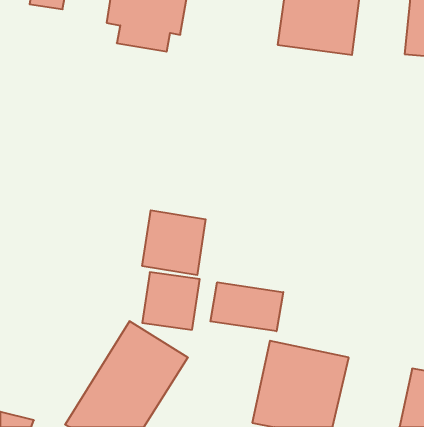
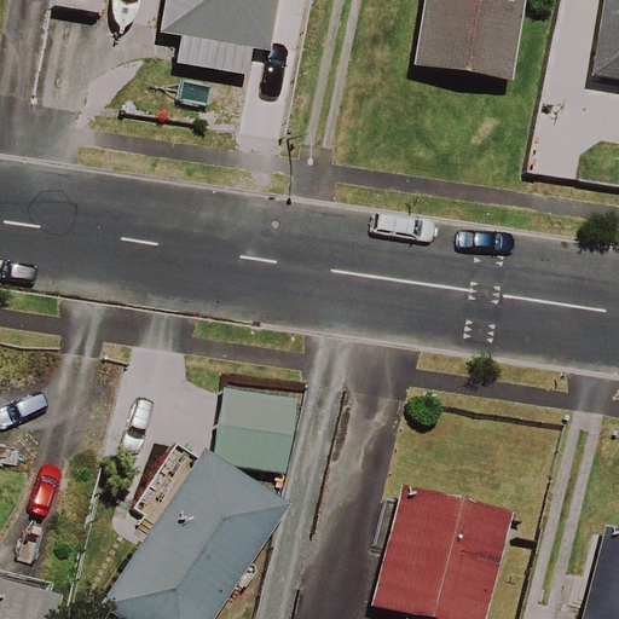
building: [142,210,206,275] -> none
building: [210,282,283,331] -> none

